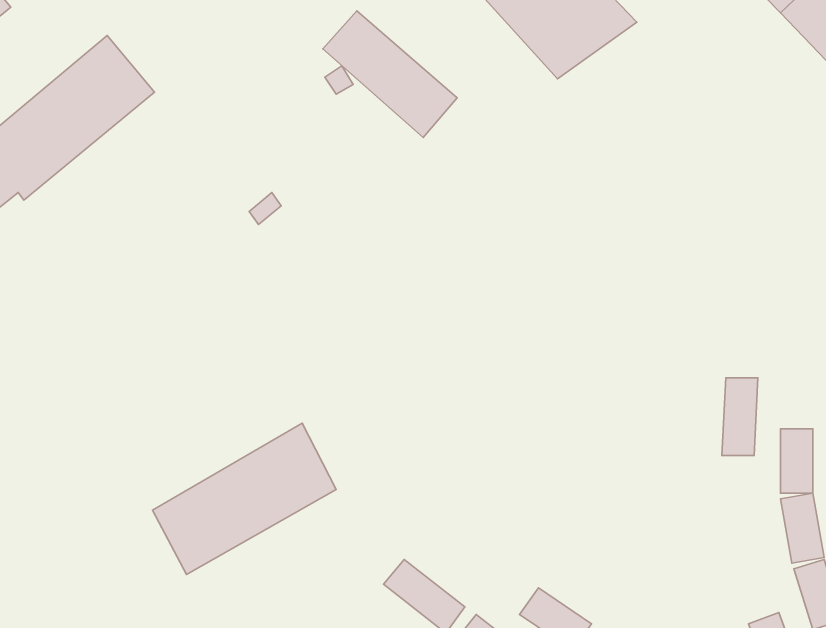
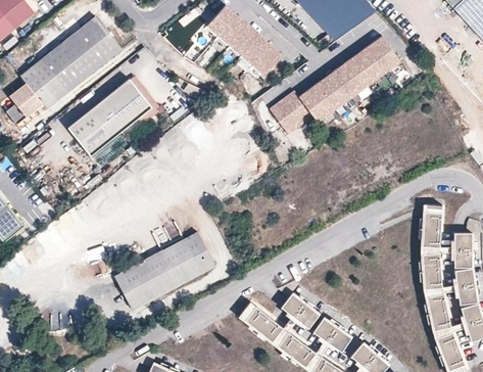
building: none -> [265,38,399,133]
building: none -> [68,81,150,156]
building: none -> [423,253,442,288]
building: none -> [427,292,451,330]
building: none -> [282,294,320,328]

